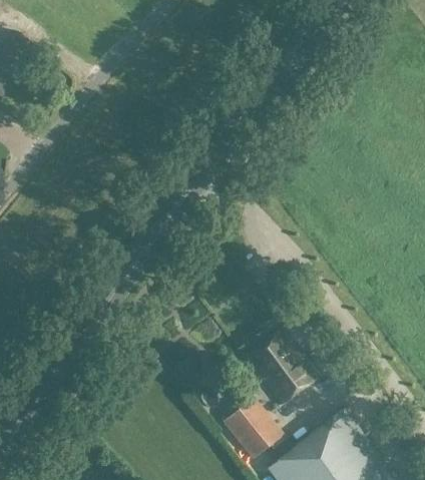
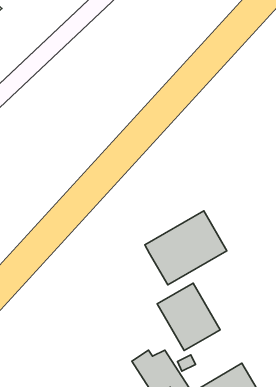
building: none -> [145,211,227,285]

